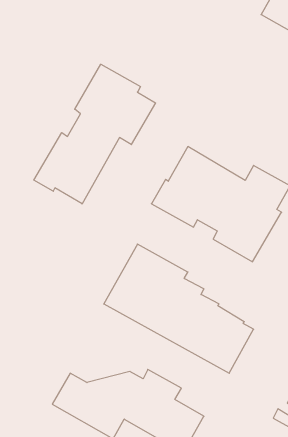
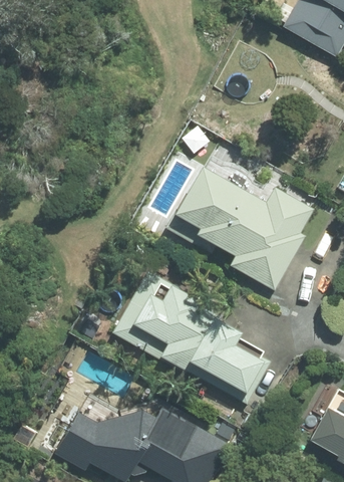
building: [34,64,156,204] -> none

